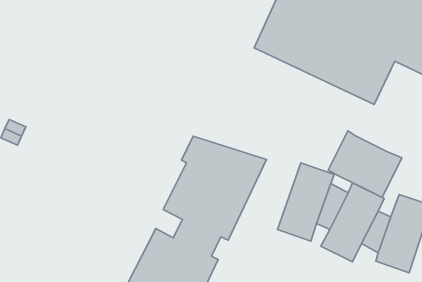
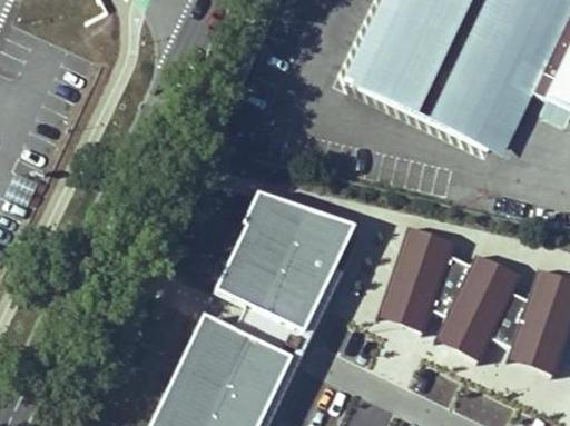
building: [328,131,402,197] -> none

